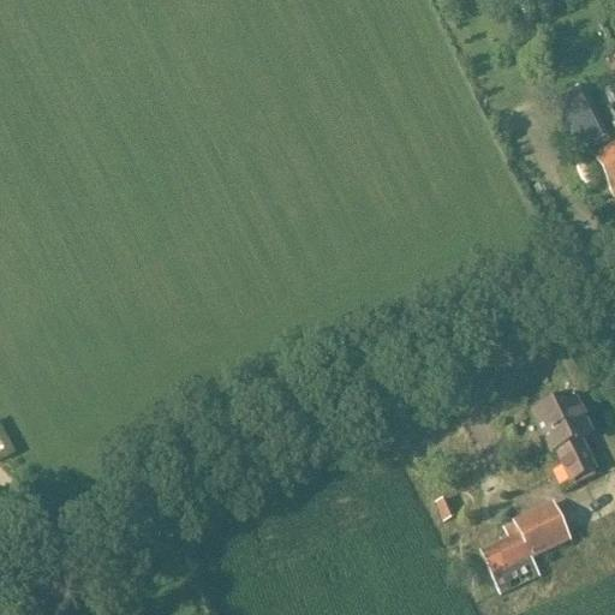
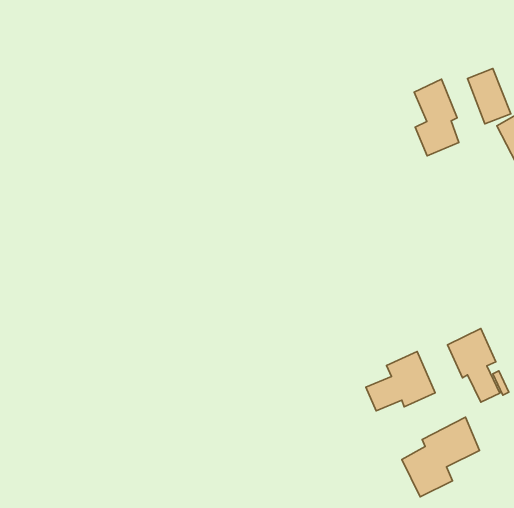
building: none -> [414,79,459,156]
building: none -> [366,352,435,411]

